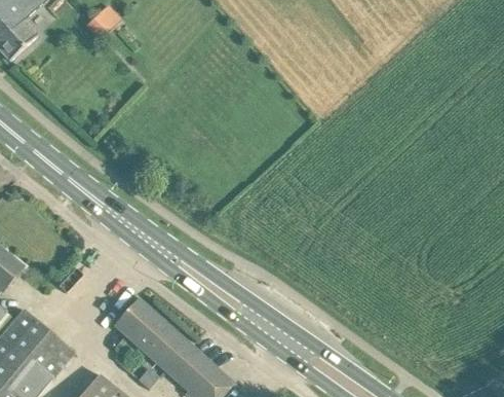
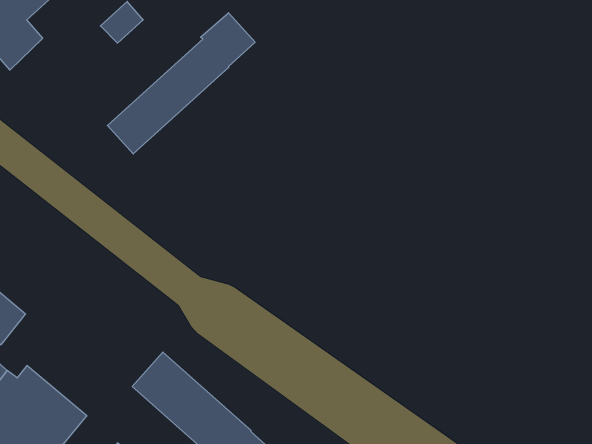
building: none -> [107,13,255,154]

